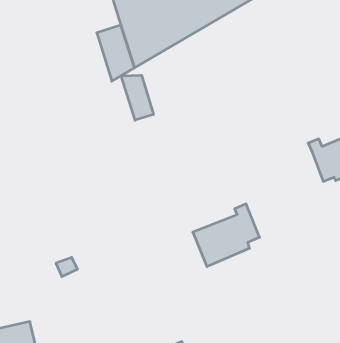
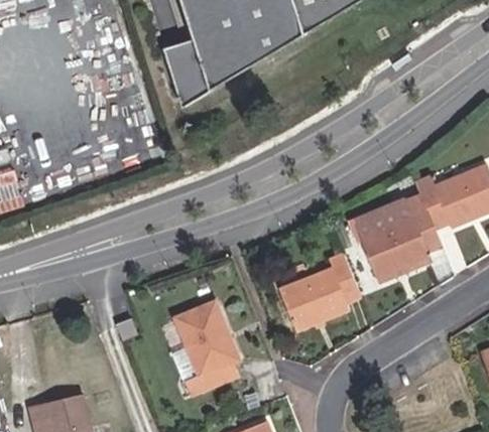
building: [121,75,153,120] -> none
building: none -> [351,190,443,278]
building: none -> [173,299,238,396]

